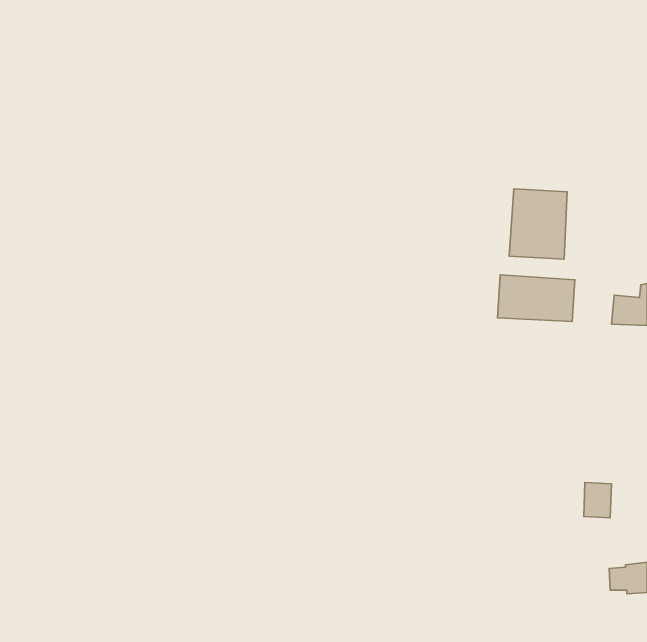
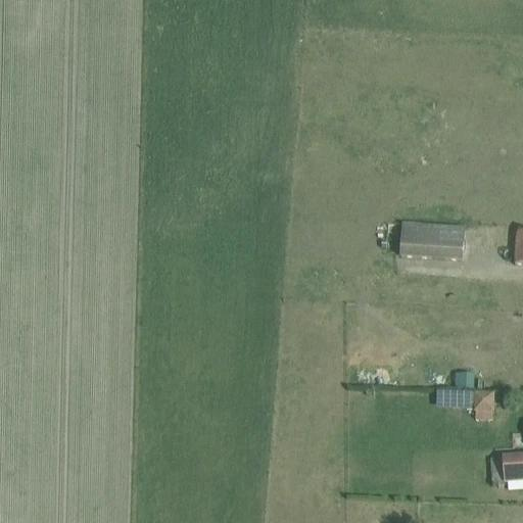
building: [509,189,567,259] -> none
building: none -> [436,388,471,405]

